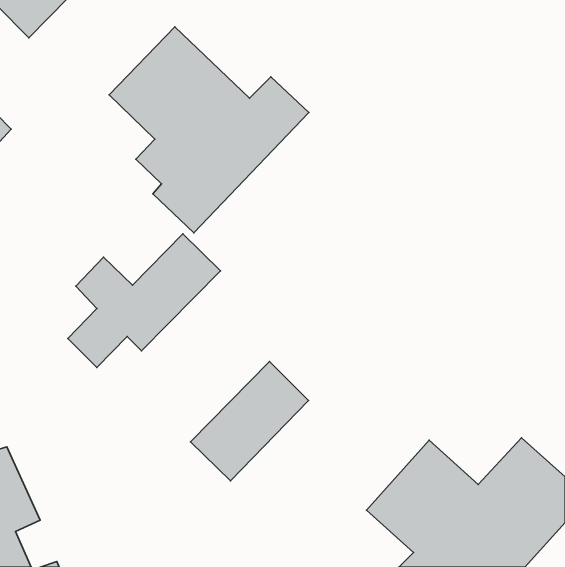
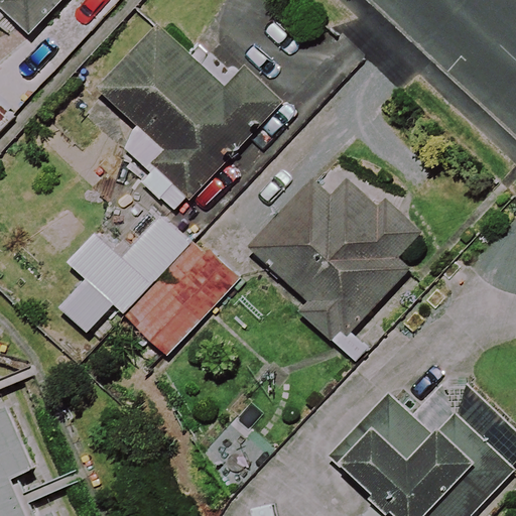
building: none -> [252,177,416,335]
building: [190,362,309,481] -> [128,245,235,353]

